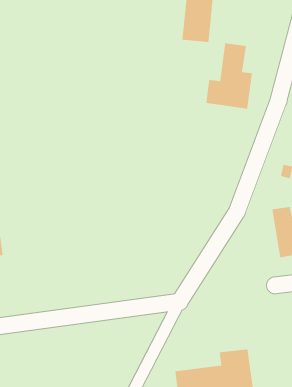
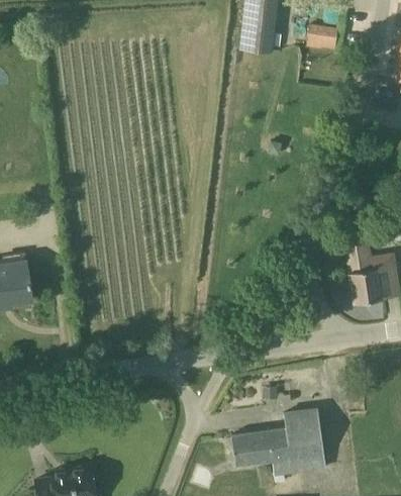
building: none -> [307,25,338,51]
building: [206,43,253,109] -> none

